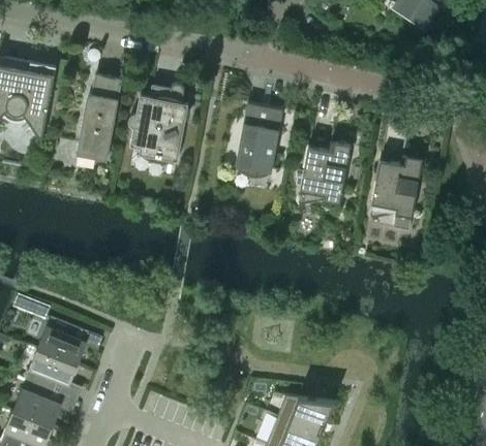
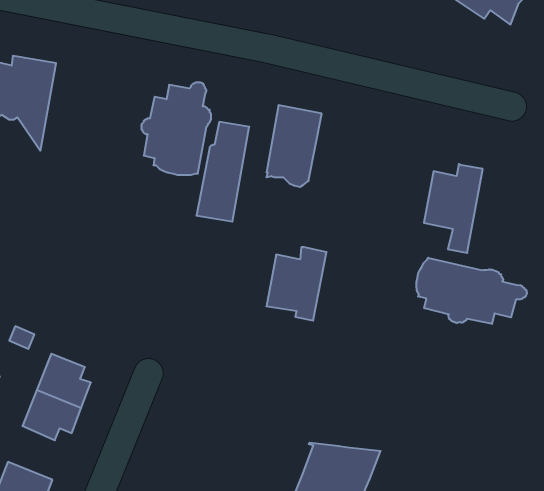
building: [77,74,122,160] -> [196,122,249,222]
building: [300,140,352,203] -> [266,247,327,321]
building: none -> [416,258,527,324]
building: [14,378,61,424] -> none

